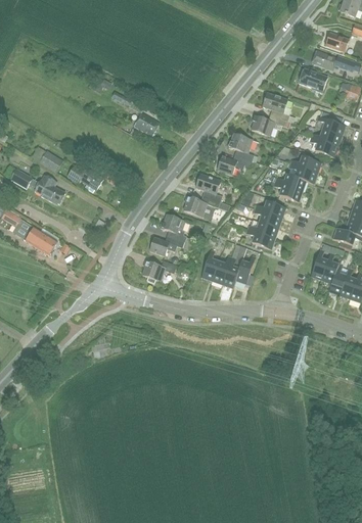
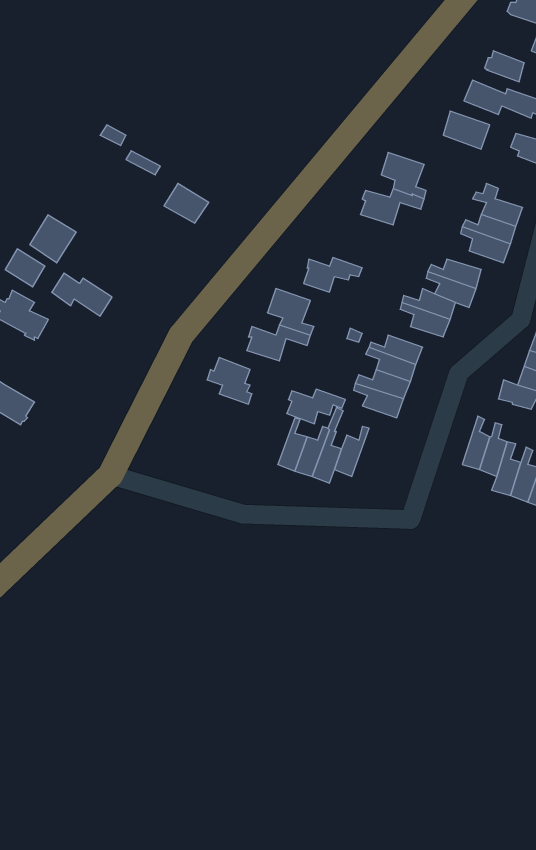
building: none -> [30,215,76,263]
building: [227,133,254,160] -> none
building: [149,235,184,255] -> [287,389,345,424]
building: [142,259,176,283] -> none

